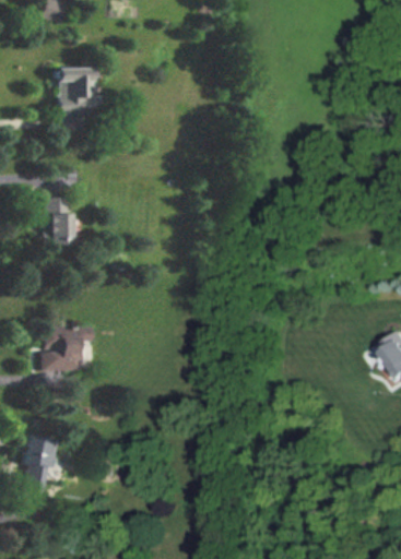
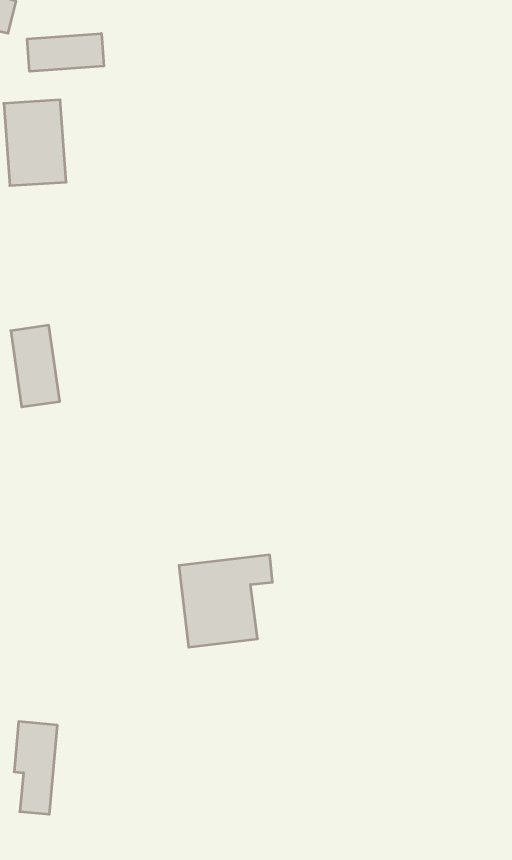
building: none -> [27,33,104,71]
building: [38,323,93,373] -> [179,555,272,647]

